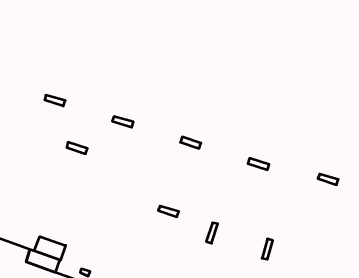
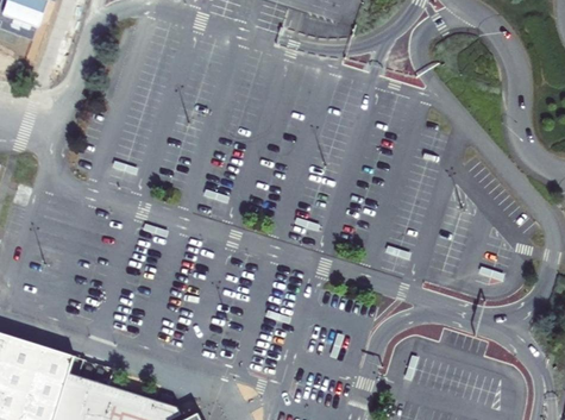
building: [34,237,66,260] -> none

